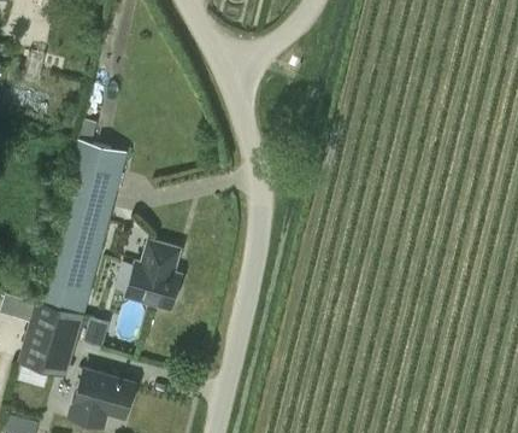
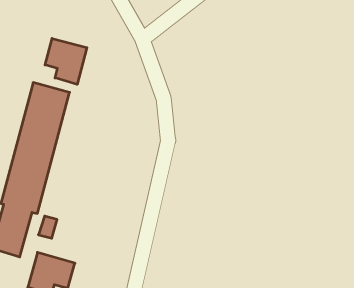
building: none -> [45,38,87,84]
building: [125,240,181,309] -> none

